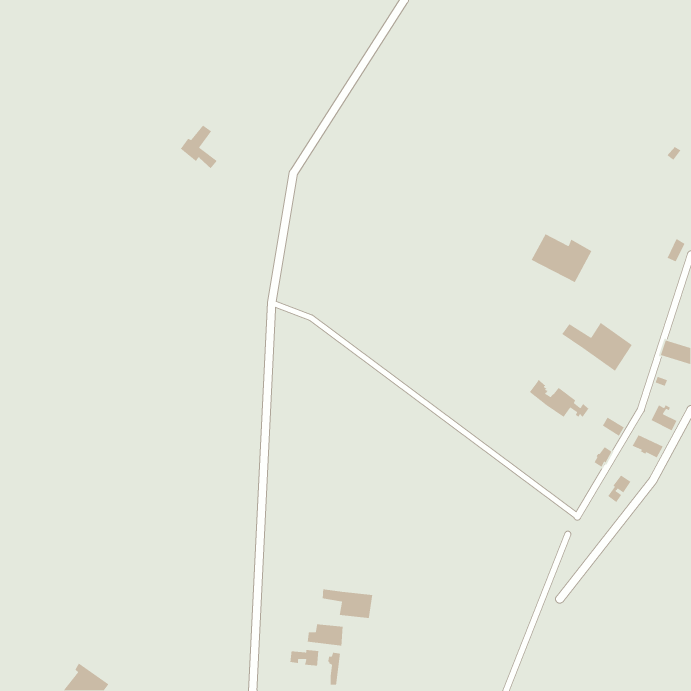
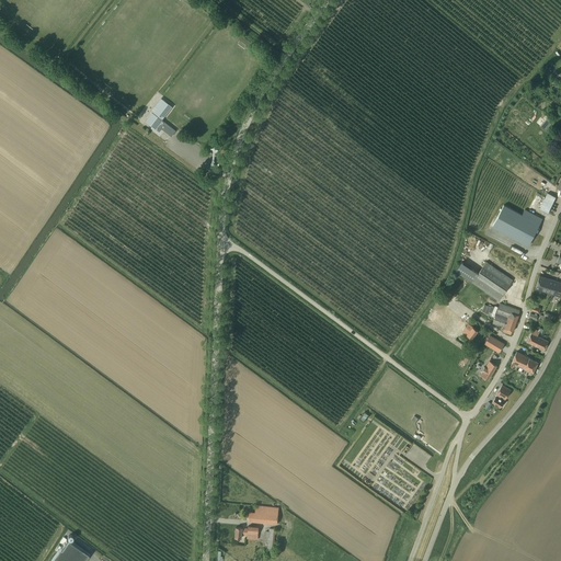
building: [530,233,593,283] -> [492,205,542,245]
building: none -> [493,302,520,334]
building: [322,589,373,619] -> none

